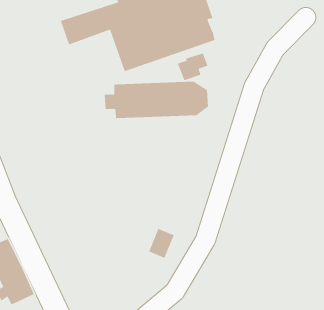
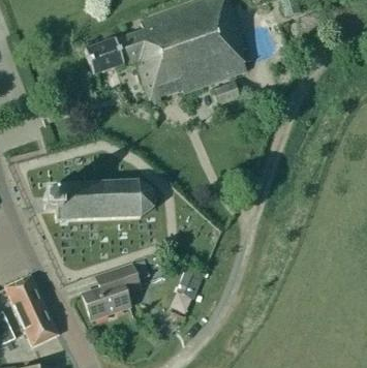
building: [104,81,209,120] -> [42,181,152,221]
building: none -> [81,258,149,320]

